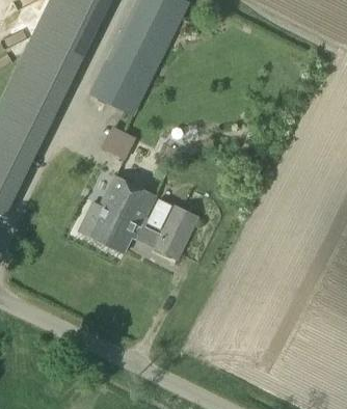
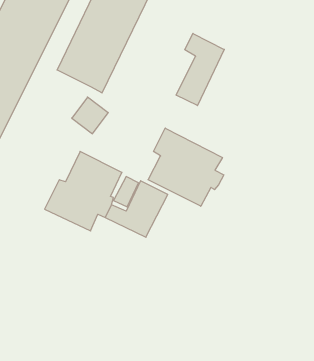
building: none -> [176,33,224,106]
building: none -> [148,128,224,206]

